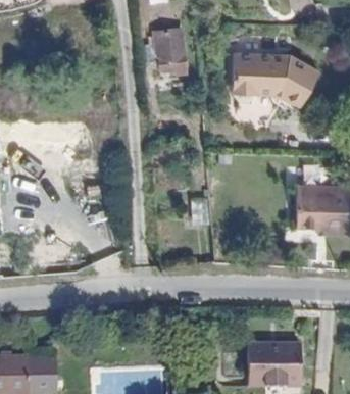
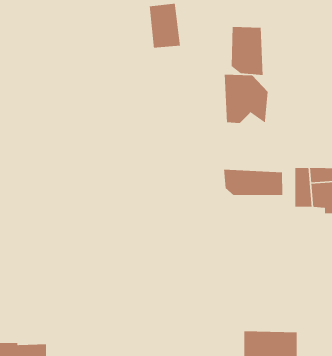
building: [264,53,307,101] -> [224,74,269,124]
building: none -> [223,169,283,196]

